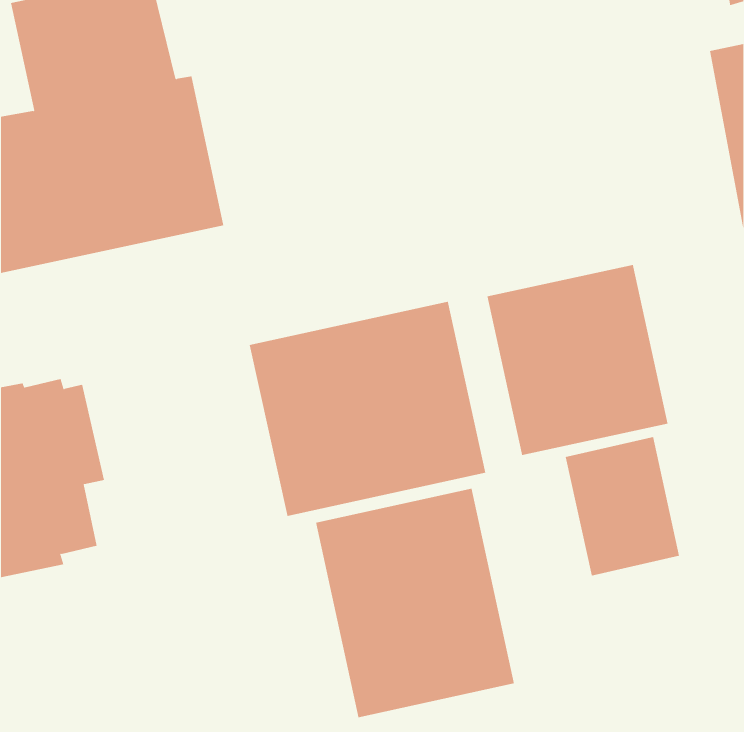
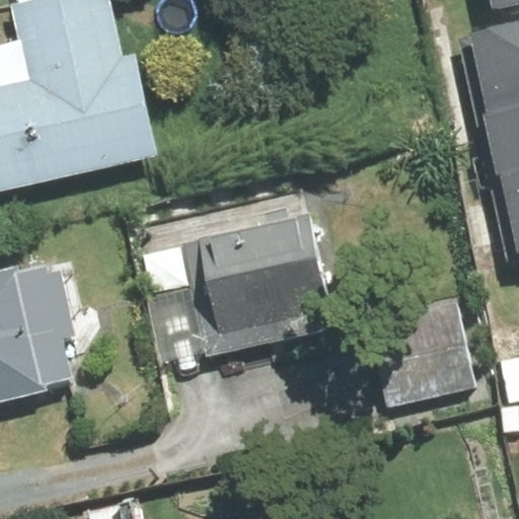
building: [487,264,668,456] -> none
building: [315,488,515,718] -> none

